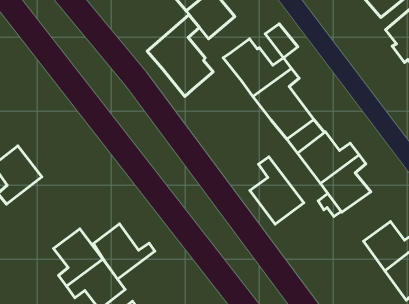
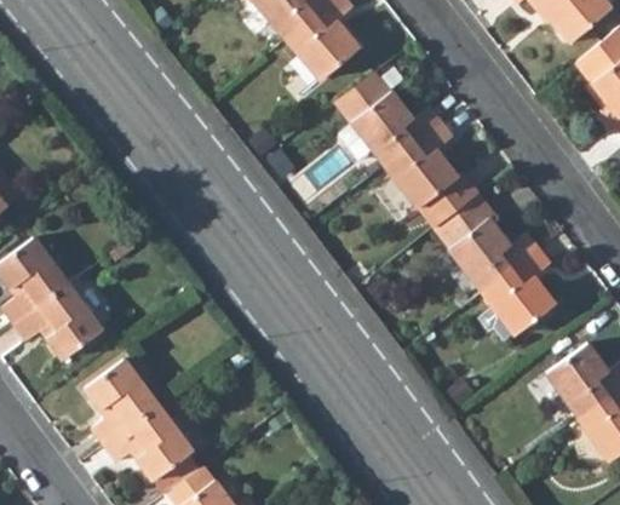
building: [147,15,213,97] -> none
building: [265,24,298,58] -> none
building: [250,157,304,224] -> none
building: none -> [19,281,105,355]
building: [93,224,155,279] -> none

